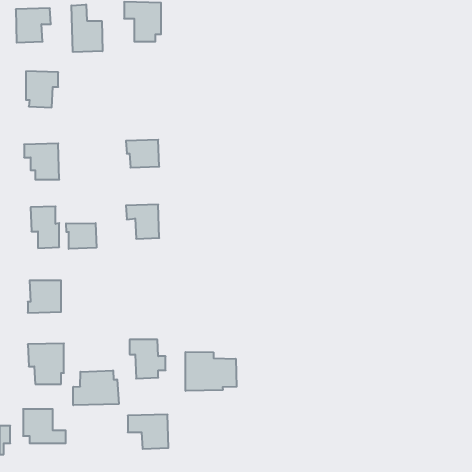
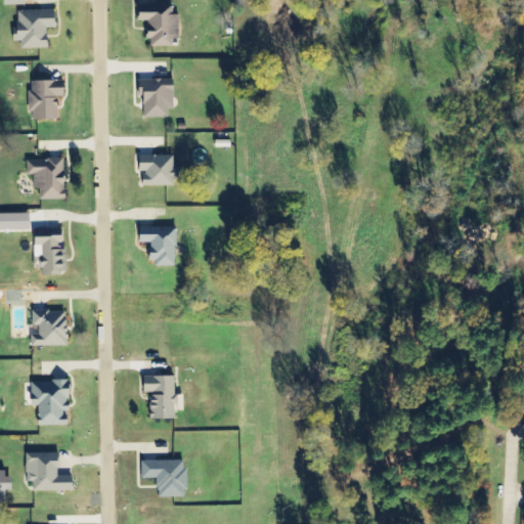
building: [71,4,102,52] -> none
building: none -> [138,79,173,117]
building: [66,223,96,249] -> none
building: [186,352,237,391] -> none
building: [73,370,119,405] -> none

